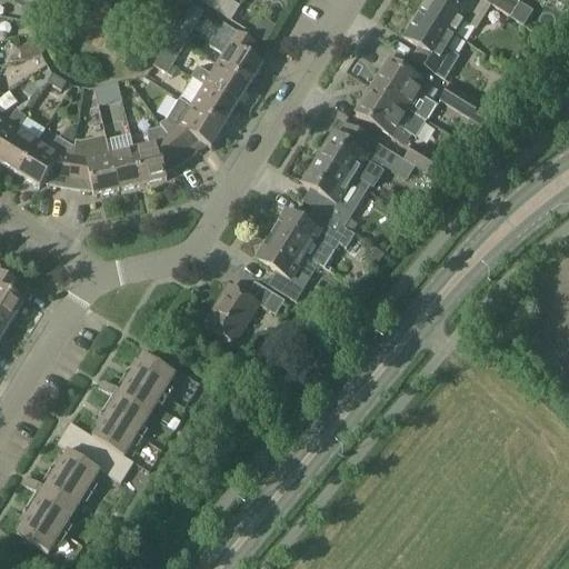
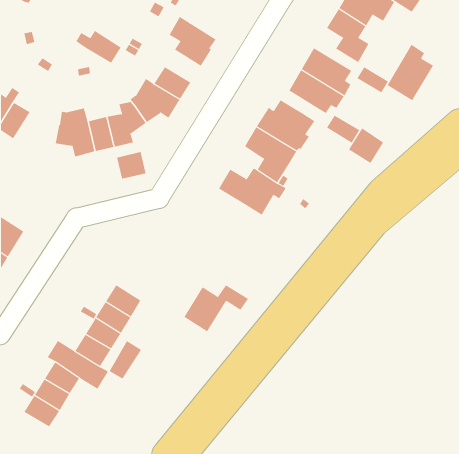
building: none -> [387,44,434,101]
building: [192,61,249,102] -> [76,30,121,64]
building: [17,133,73,186] -> none
building: none -> [348,127,384,164]
building: none -> [116,151,146,179]
building: [256,233,310,299] -> none
building: [203,281,284,340] -> [183,285,249,332]
building: none -> [109,340,142,380]
building: [16,510,61,551] -> none

